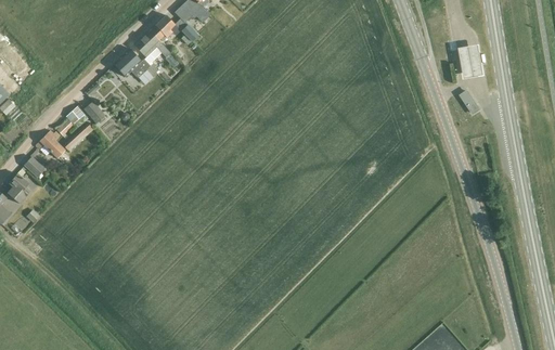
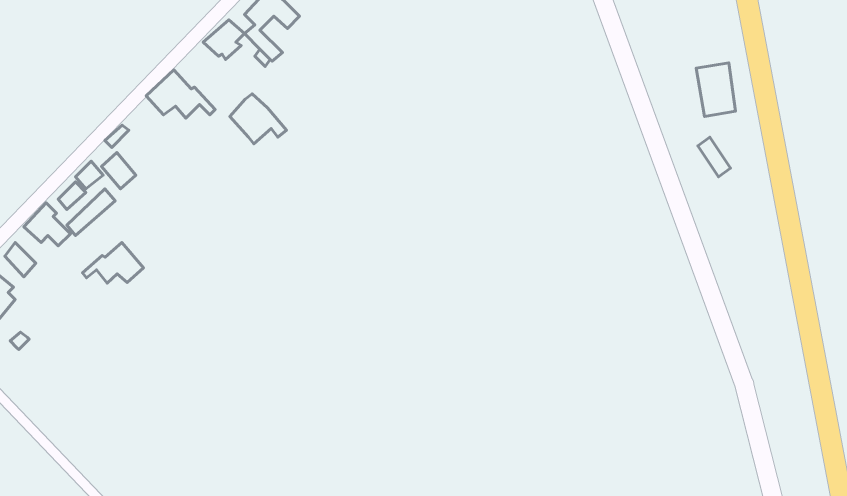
building: [133,30,169,62] -> [230,94,287,144]
building: none -> [83,242,144,283]

